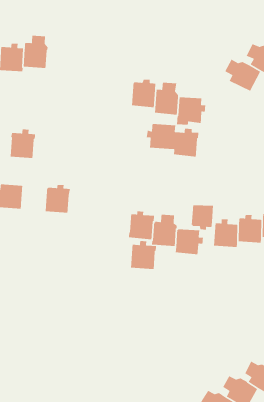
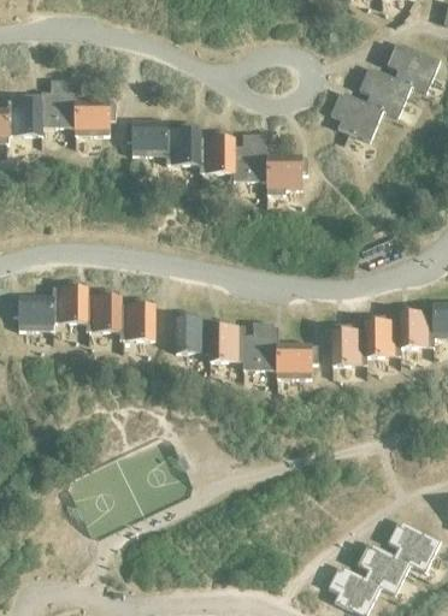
building: none -> [75,99,116,134]
building: [146,123,199,157] -> [125,119,201,164]
building: [10,129,36,159] -> [52,280,88,322]
building: none -> [120,298,154,339]
building: [191,204,214,230] -> none
building: [130,240,157,270] -> [175,310,211,351]

